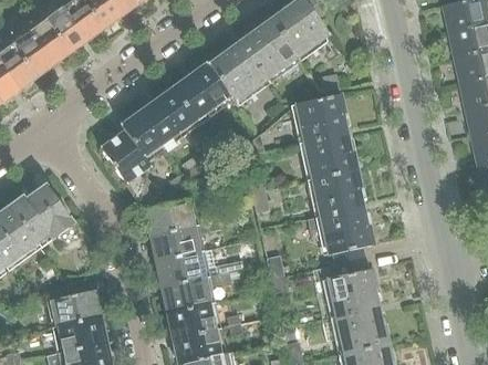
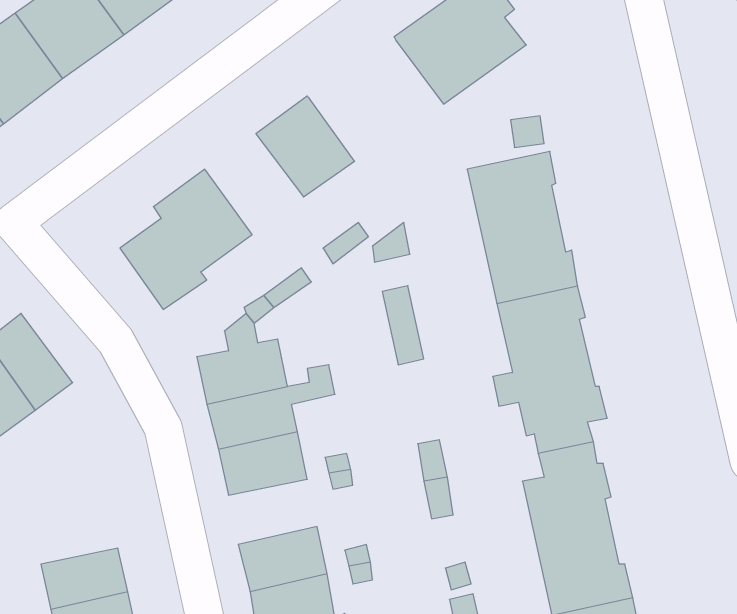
building: [206,32,281,102] -> none
building: [147,84,203,140] -> none
building: [48,278,98,325] -> none
building: [160,278,210,314] -> none

